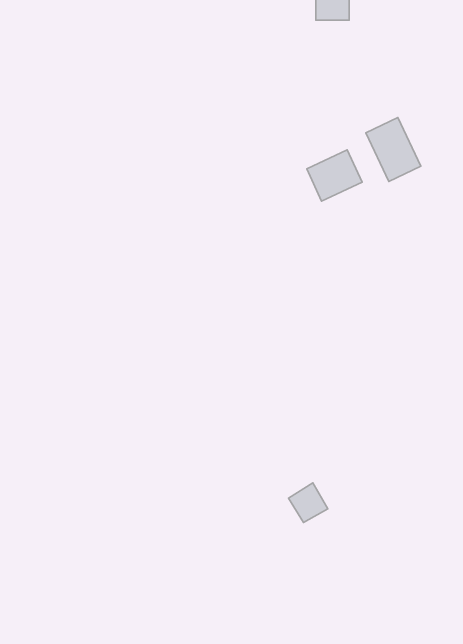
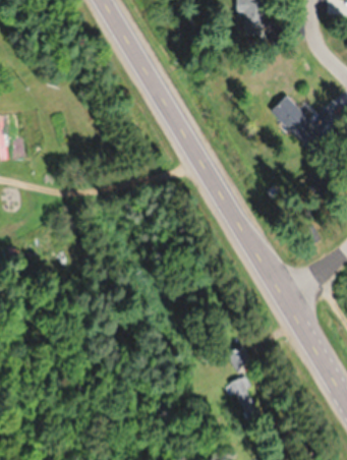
building: [307,150,362,201] -> none
building: none -> [229,376,255,416]

